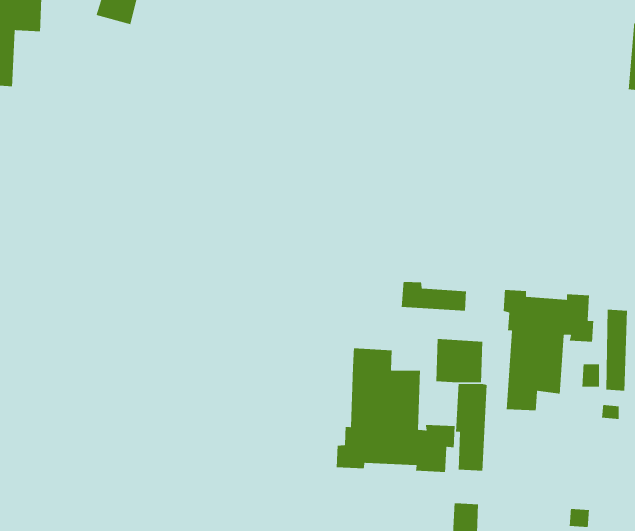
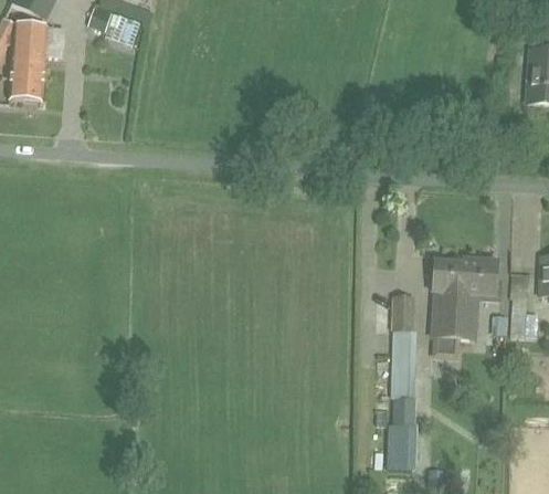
building: [401,281,467,312] -> none
building: [336,347,455,473] -> none
building: none -> [391,399,415,425]

